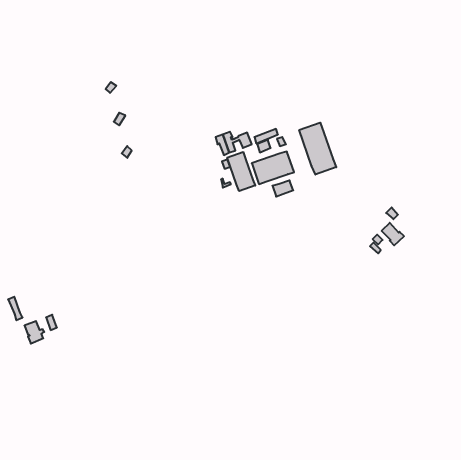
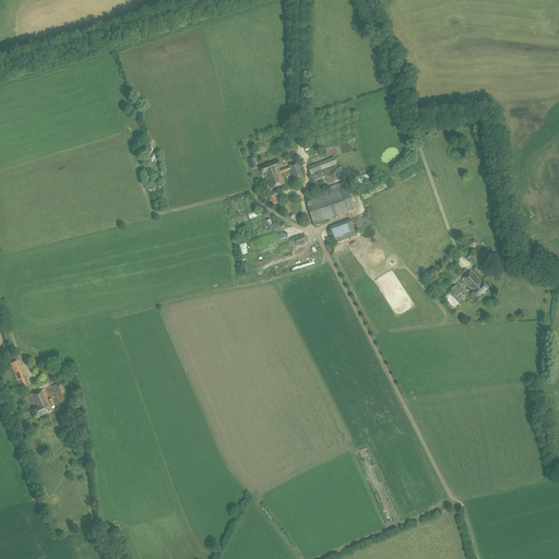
building: [299,123,336,175] -> none
building: [227,152,255,191] -> none

